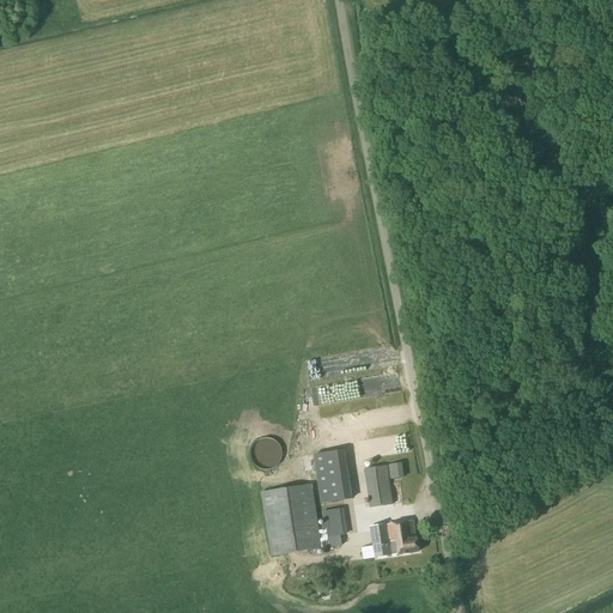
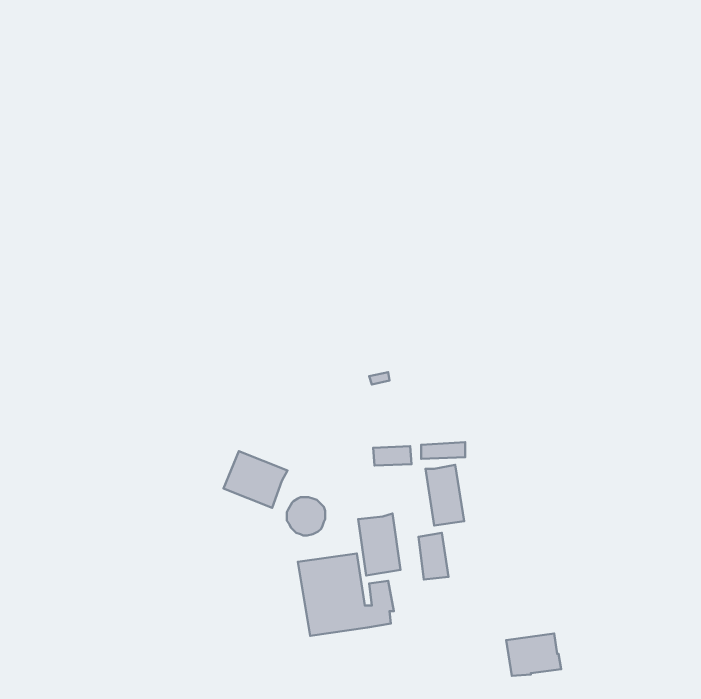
building: none -> [224,451,287,508]
building: none -> [425,465,464,525]
building: [370,518,418,556] -> [506,633,561,676]

